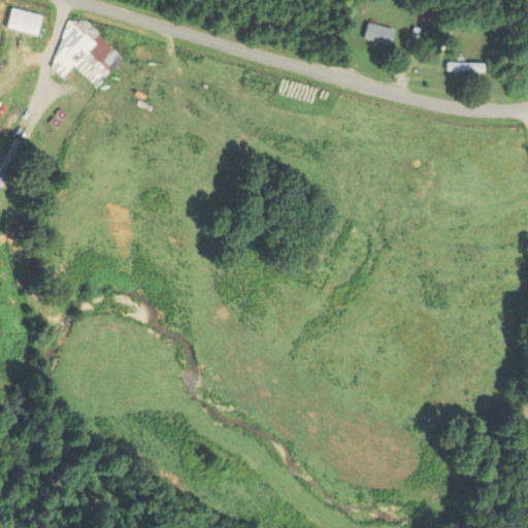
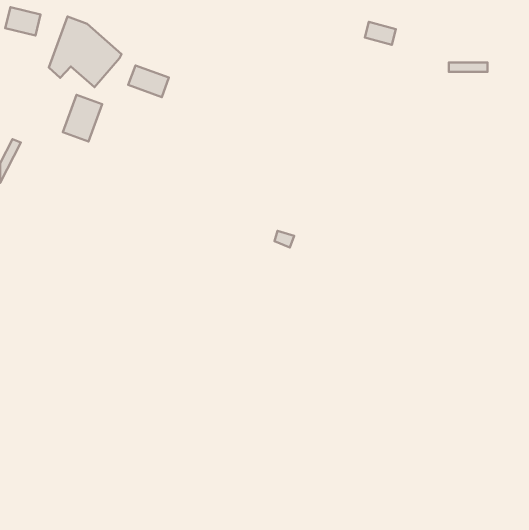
building: none -> [128,65,169,97]
building: none -> [63,95,102,141]

